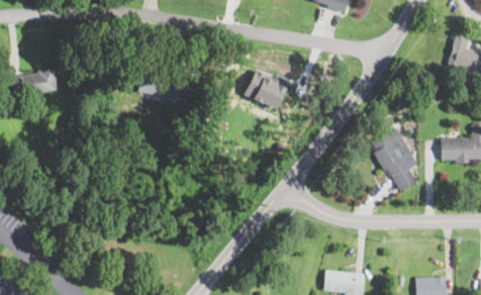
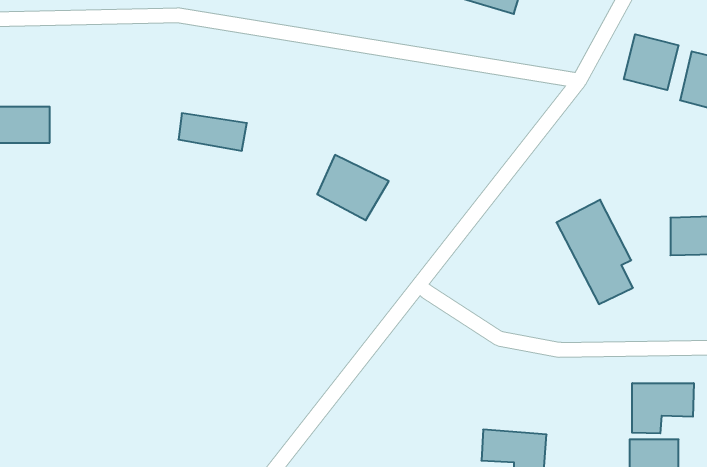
building: none -> [624,34,679,90]
building: [245,70,289,110] -> [317,155,389,220]
building: none -> [632,383,694,433]

